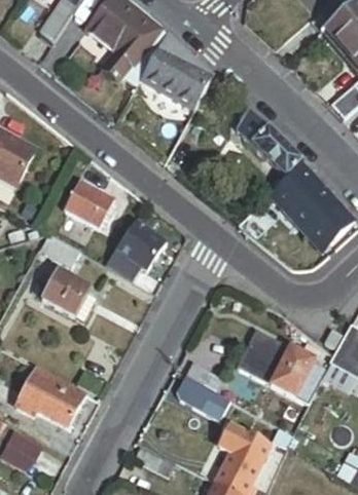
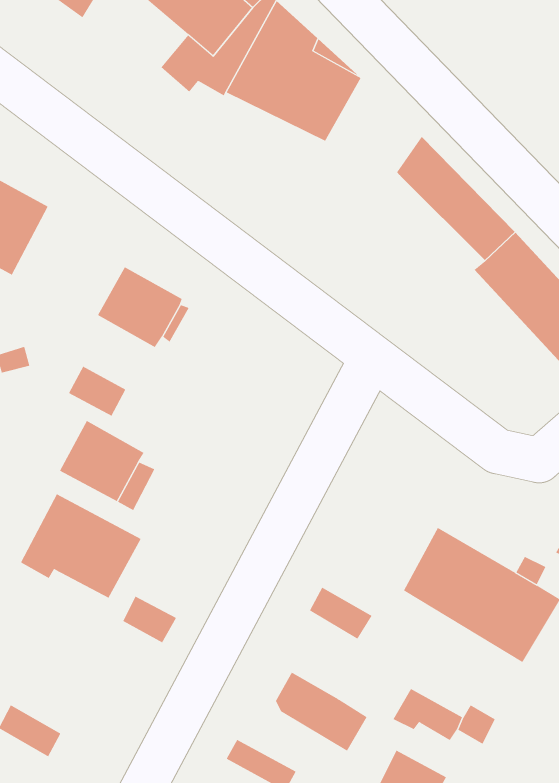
building: [104,221,165,279] -> none
building: [16,367,85,426] -> [20,494,142,599]
building: [175,377,227,422] -> [275,672,367,751]

